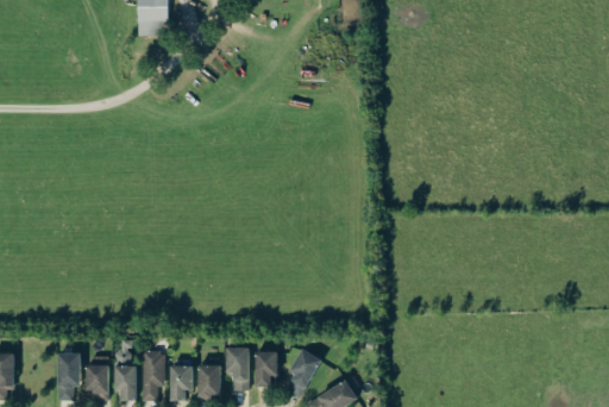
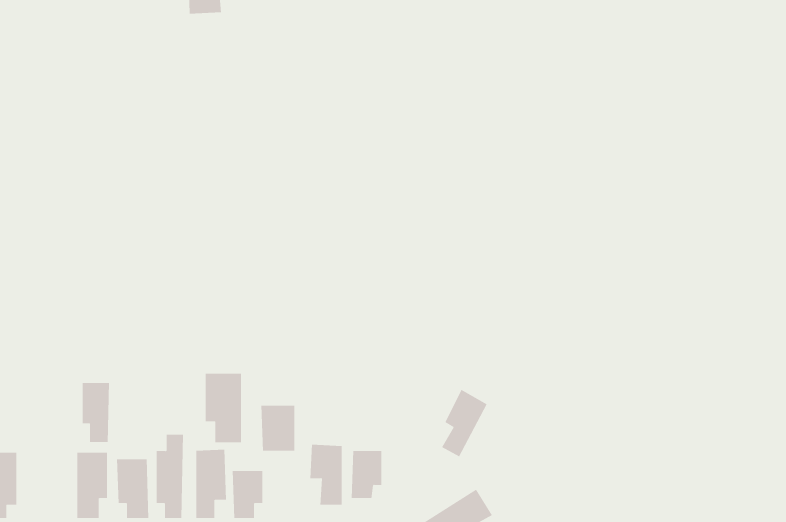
building: none -> [205,373,241,443]
building: none -> [82,382,110,443]
building: [287,347,320,396] -> [441,389,487,457]
building: [196,364,221,397] -> [260,405,295,451]

